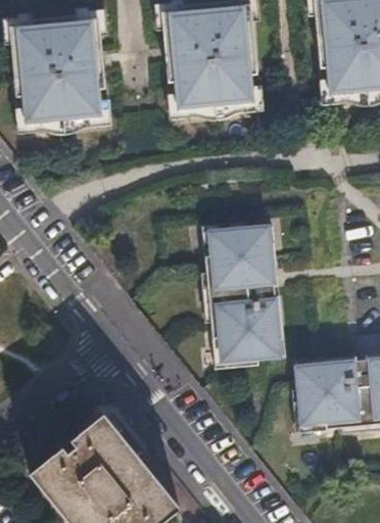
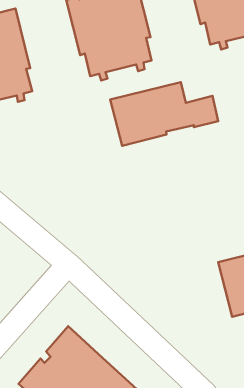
building: none -> [110,82,218,146]
building: [203,226,284,362] -> none

